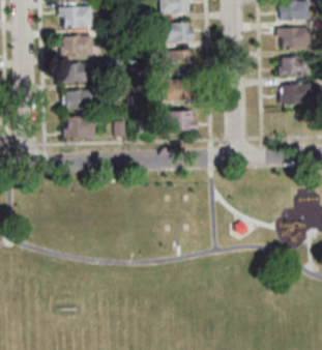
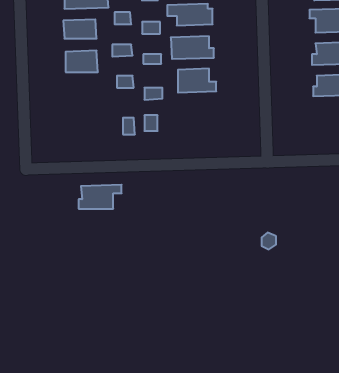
building: [65,90,94,109] -> none
building: [165,111,196,129] -> none
building: [64,116,101,137] -> [79,185,122,209]

